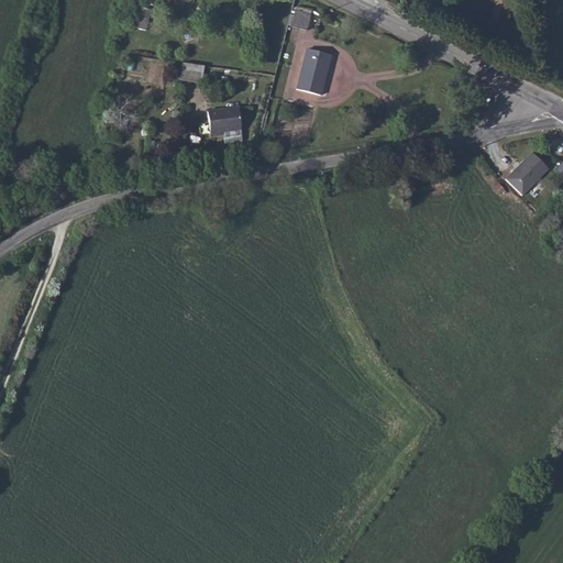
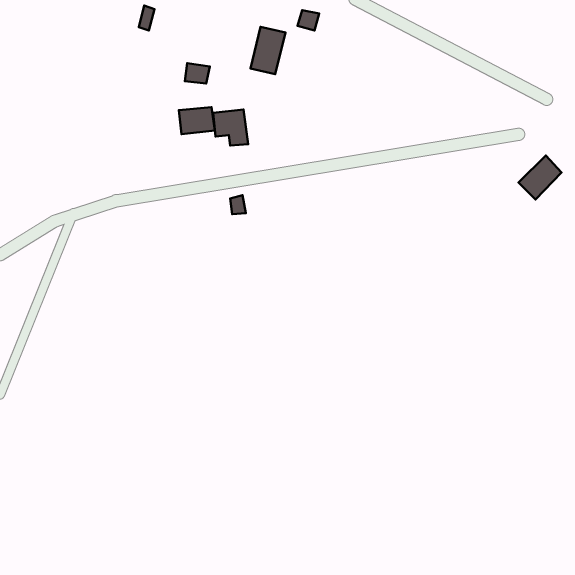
building: [298,48,332,95] -> [250,27,285,74]
building: none -> [179,107,215,134]

